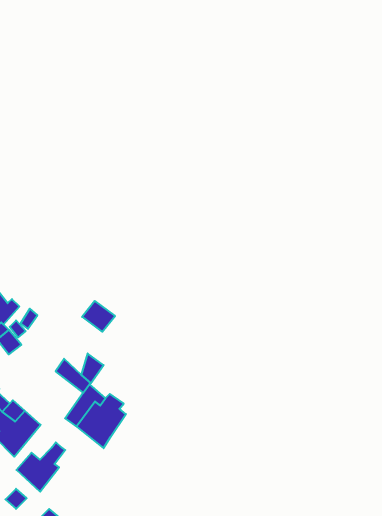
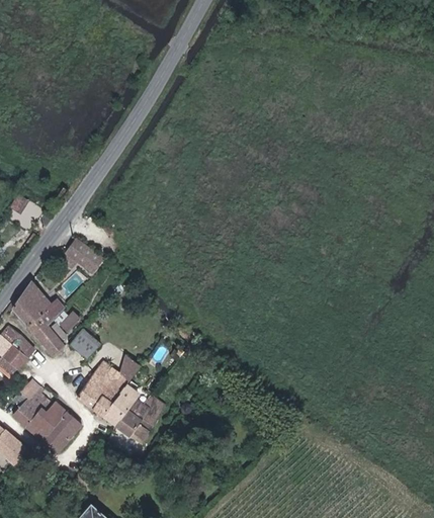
building: none -> [65,238,102,272]
building: [82,301,115,332] -> [69,329,100,358]
building: none -> [78,372,121,417]
building: [16,442,65,492] -> none

